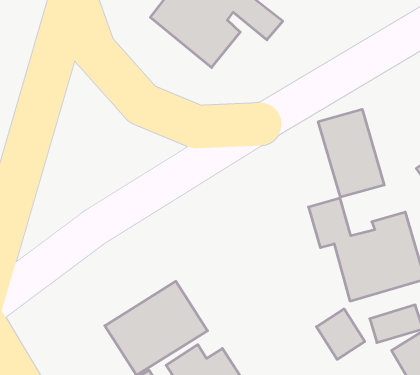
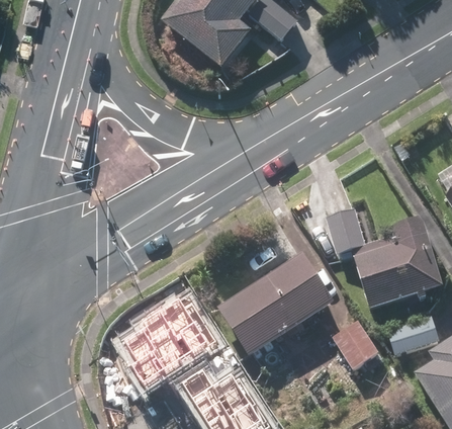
building: [318,109,384,197] -> none
building: none -> [216,253,335,378]

